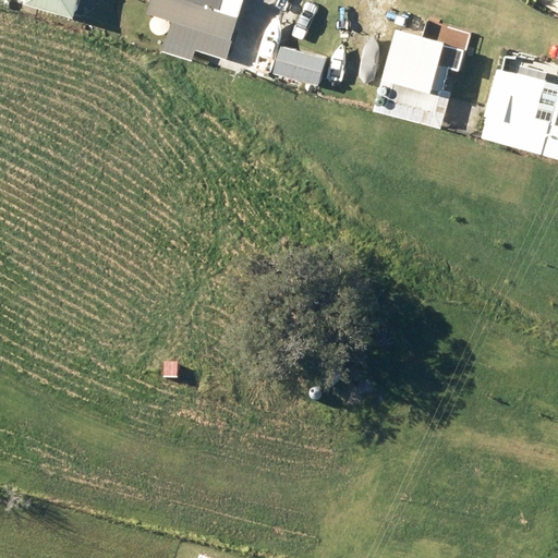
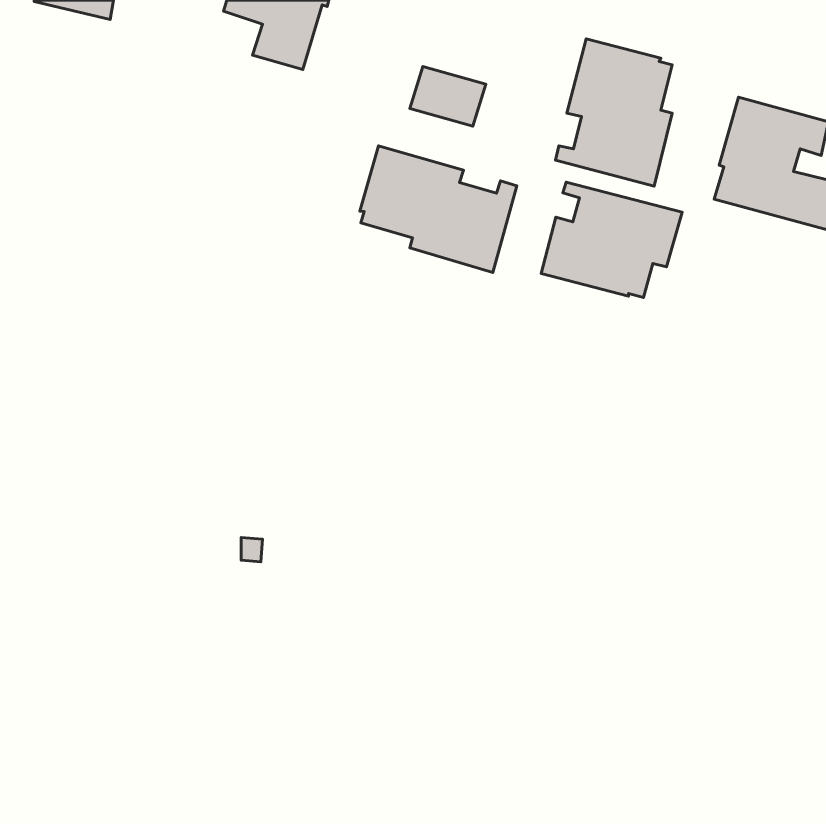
building: none -> [360,146,517,272]
building: none -> [541,182,682,297]

